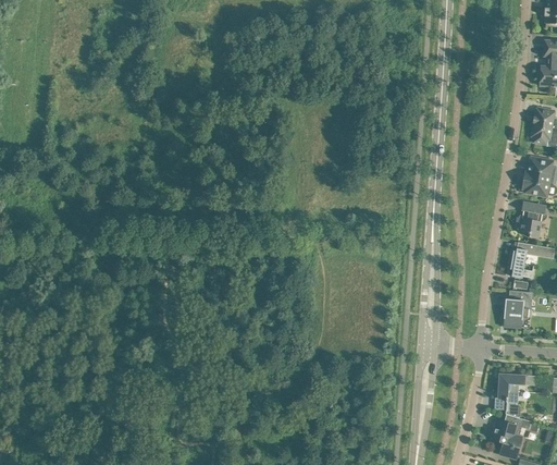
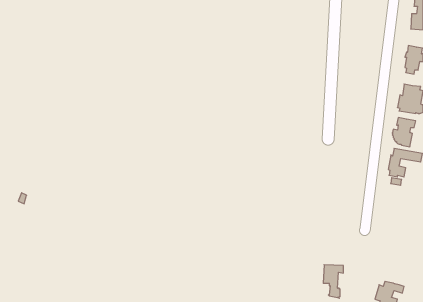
building: [503,290,533,330] -> none
building: [498,374,524,417] -> [323,265,343,298]

